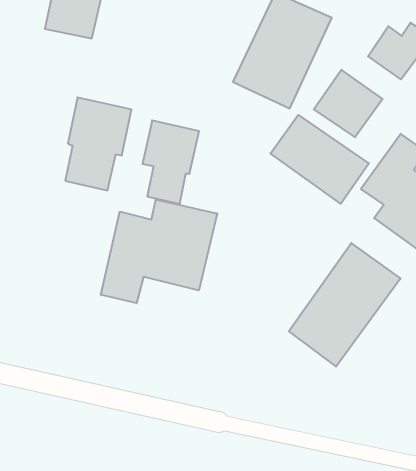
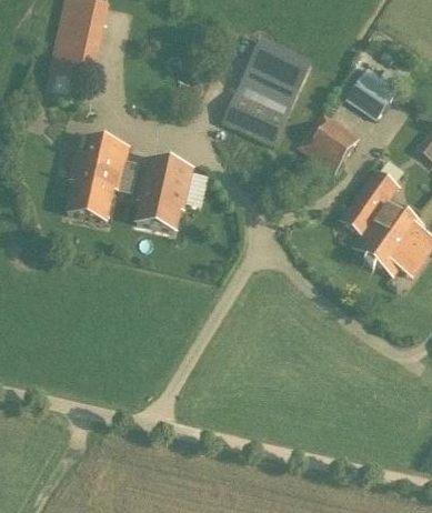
building: [270,115,369,204] -> none
building: [101,200,217,303] -> none
building: [289,243,401,367] -> none

